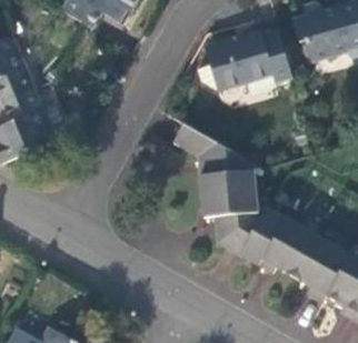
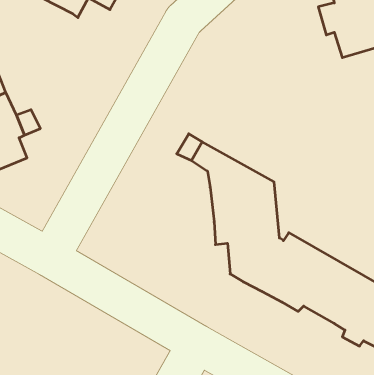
building: [192,29,290,90] -> none

